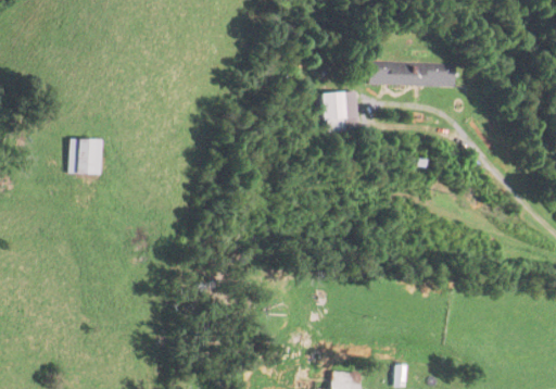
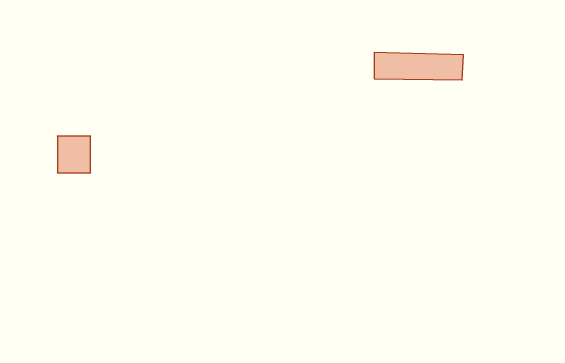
building: [323,91,358,133] -> none

